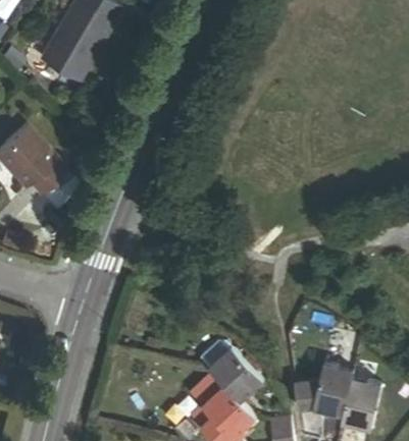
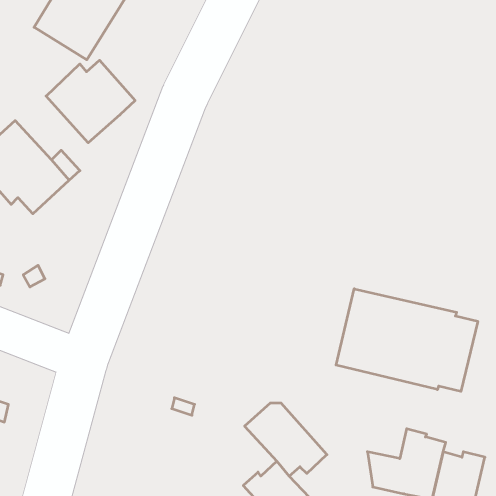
building: none -> [46,60,135,143]
building: none -> [336,289,478,391]

